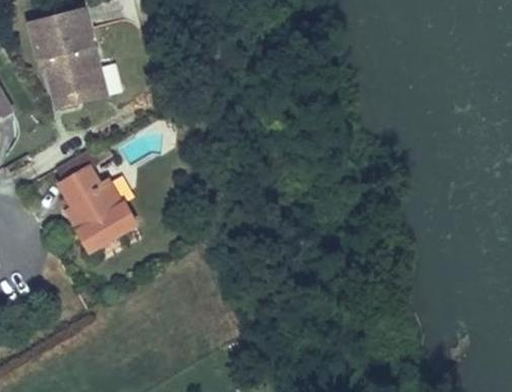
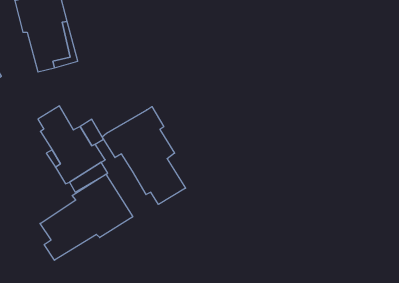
building: none -> [102,107,186,204]
building: none -> [40,174,133,260]

